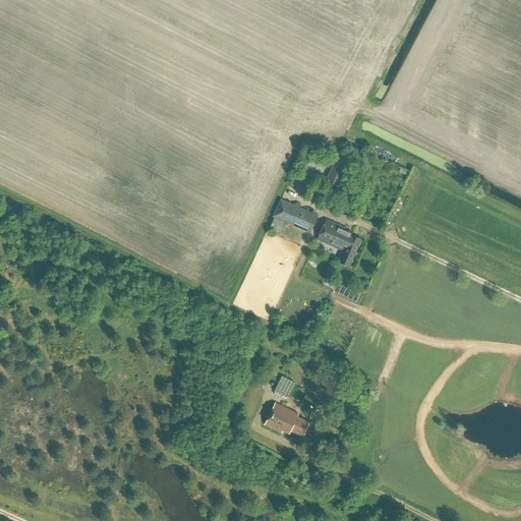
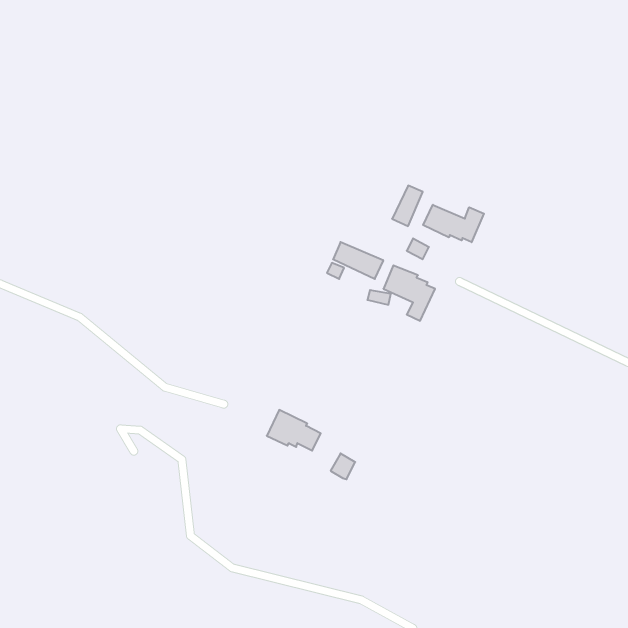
building: none -> [423,205,484,242]
building: [265,403,309,437] -> [267,410,321,451]

